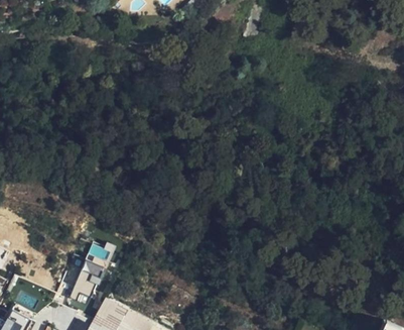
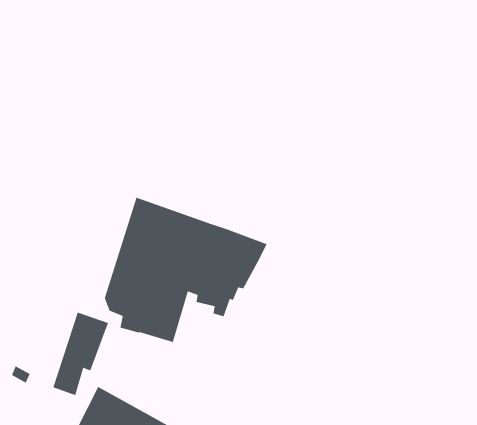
building: none -> [104,197,267,343]

